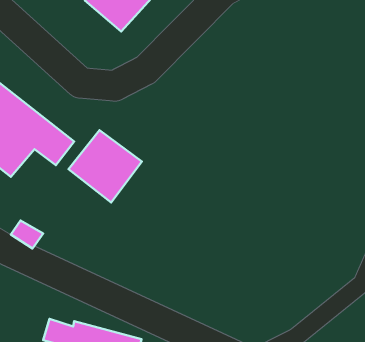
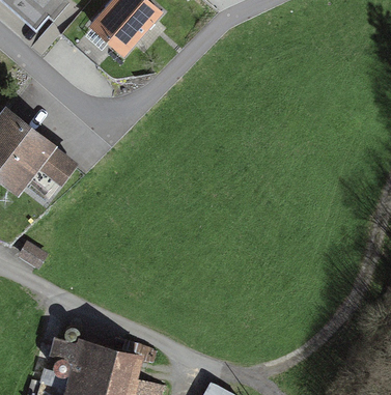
building: [69,130,142,203] -> none

